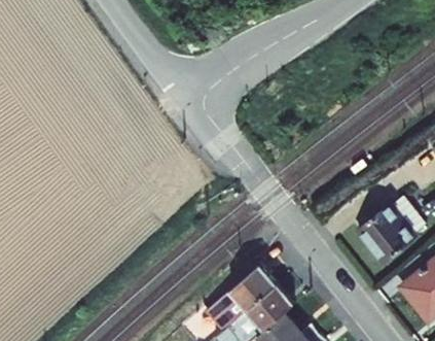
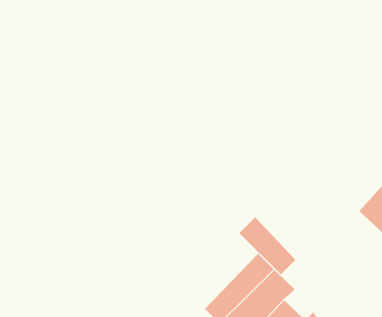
building: none -> [239,217,296,275]

